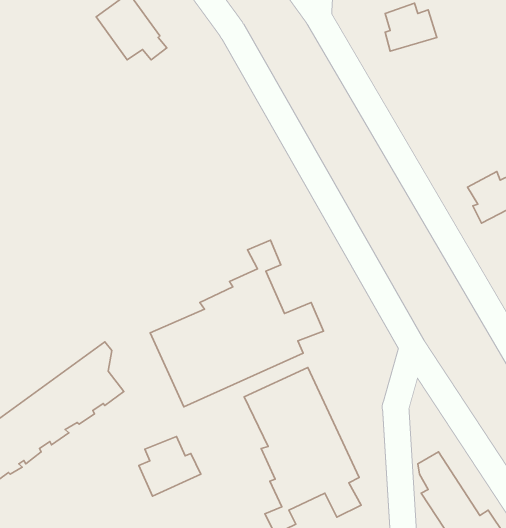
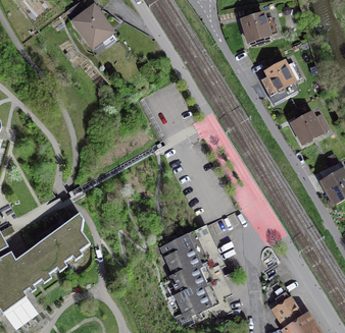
building: none -> [267,61,299,105]
building: [150,240,323,407] -> none
building: [139,437,201,496] -> none

